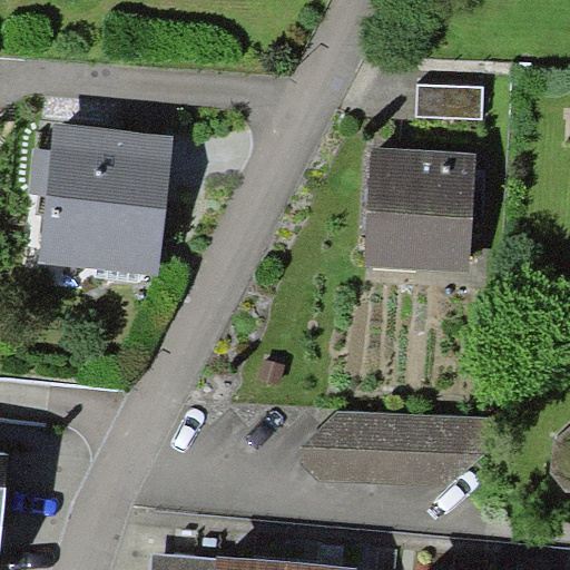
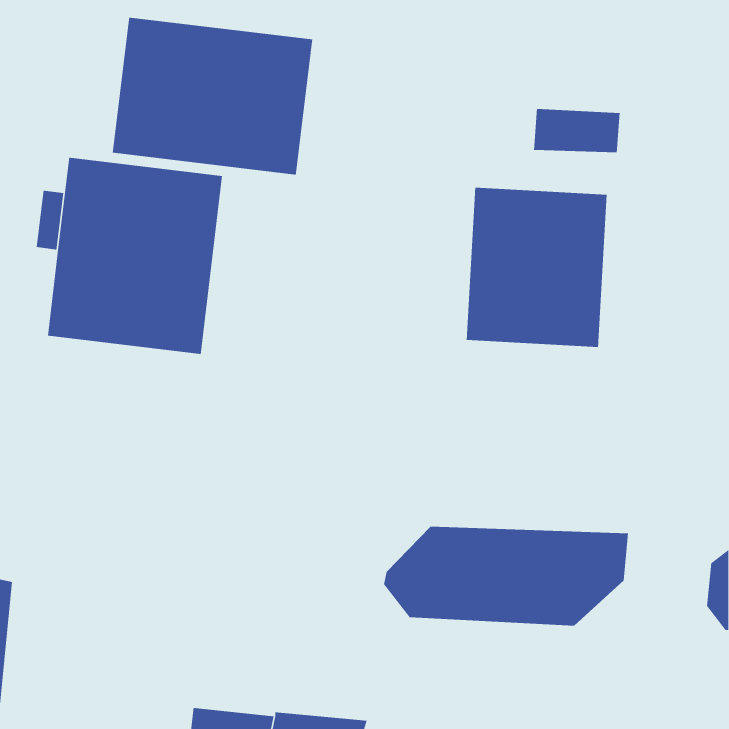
building: none -> [112,17,313,175]

